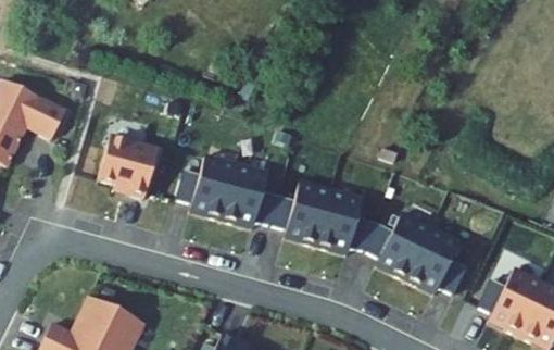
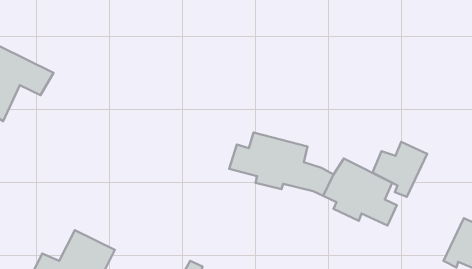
building: [97,134,156,197] -> none
building: [175,155,278,224] -> none
building: [479,267,543,332] -> [372,142,427,197]

